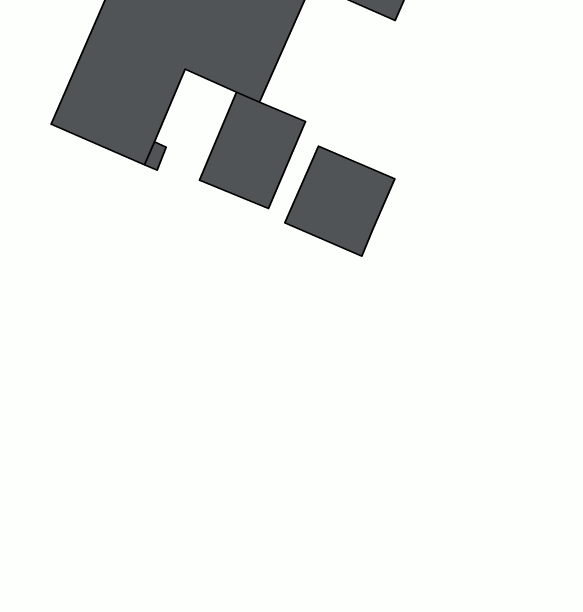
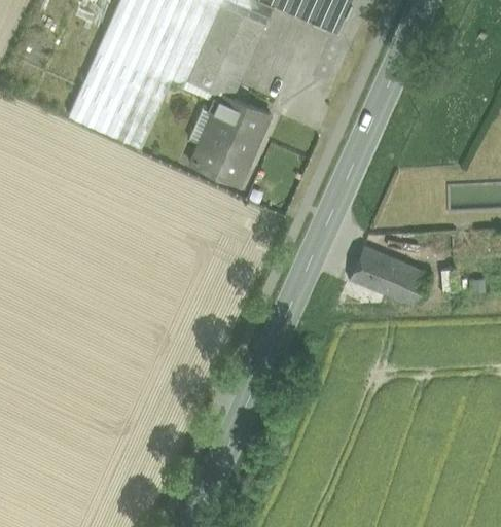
building: [285,146,395,256] -> none
building: none -> [350,236,436,306]

